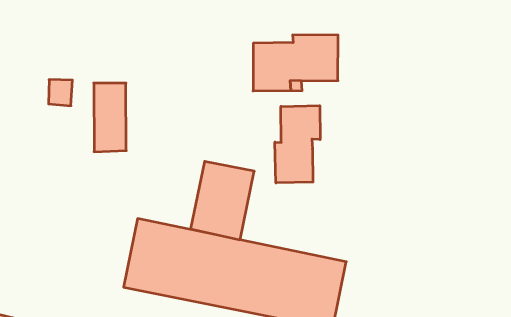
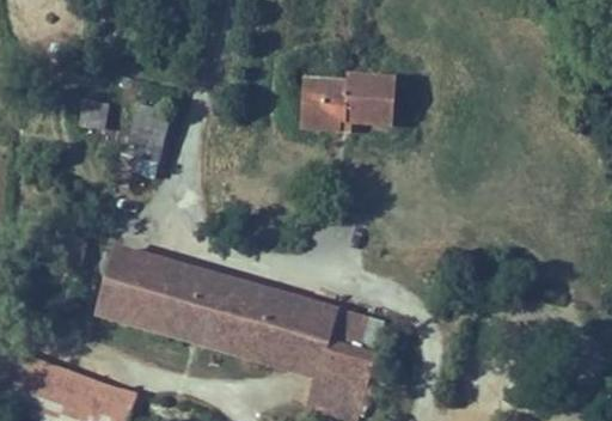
building: [275,106,320,183] -> none
building: [190,161,254,240] -> [93,243,166,330]

